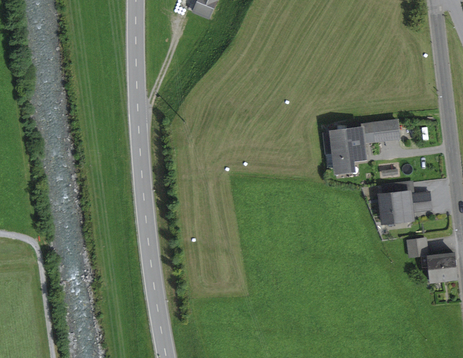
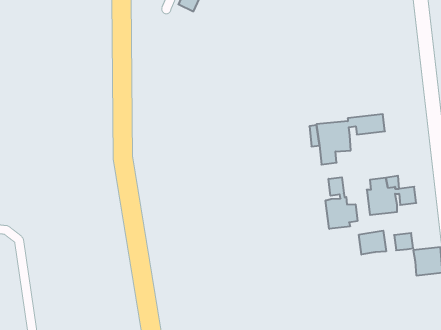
building: none -> [326,177,357,229]
building: none -> [359,231,386,255]

